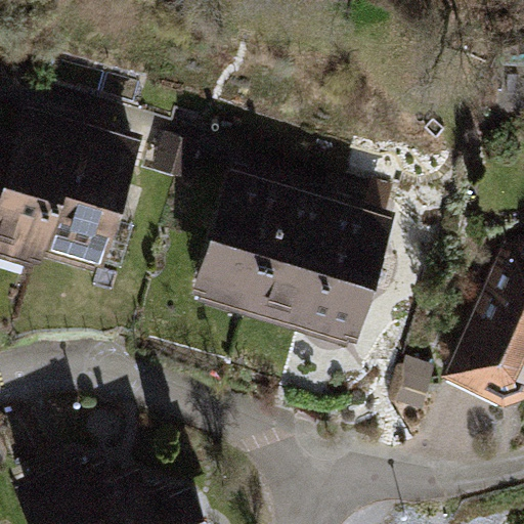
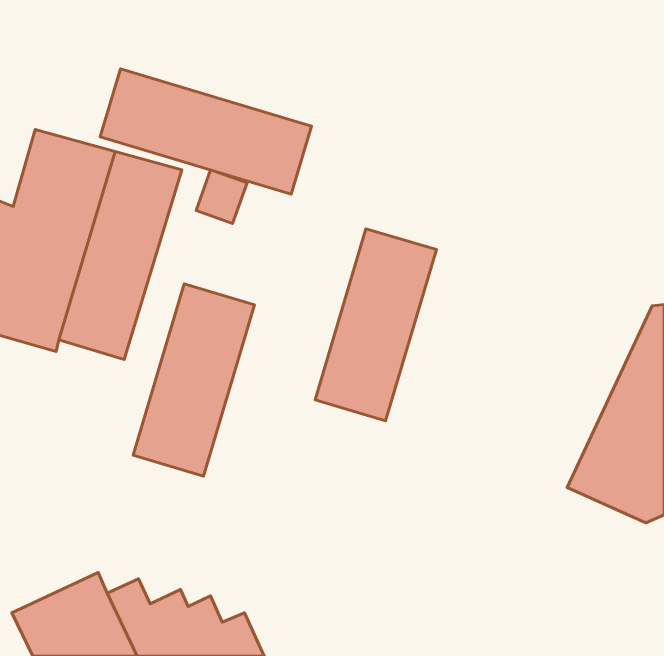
building: none -> [100,69,312,194]
building: [191,163,287,313] -> [133,284,255,476]
building: [302,195,397,346] -> none

